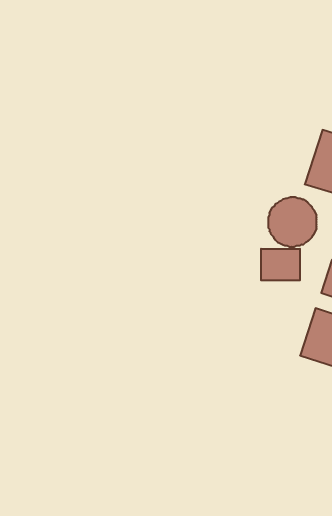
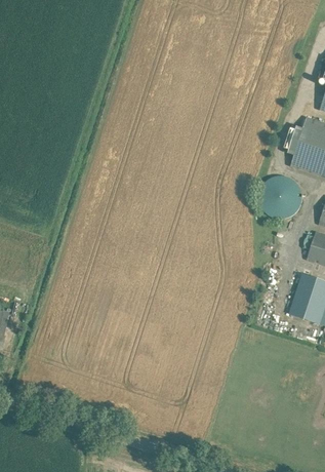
building: [261,249,300,280] -> none

